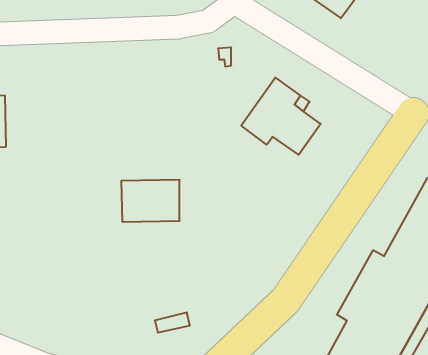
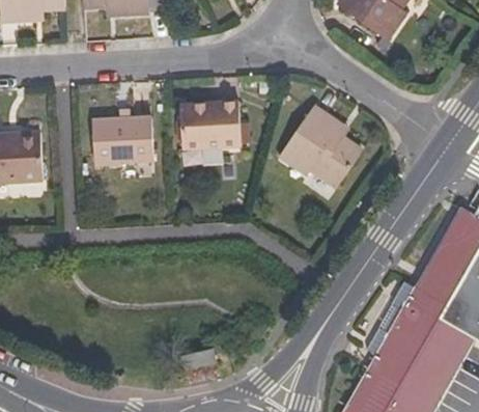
building: none -> [180,103,234,146]
building: [121,180,180,222] -> [88,116,148,160]

